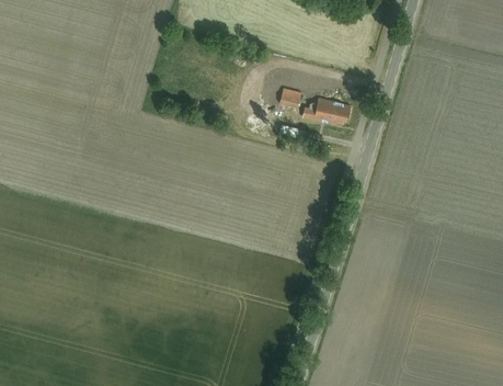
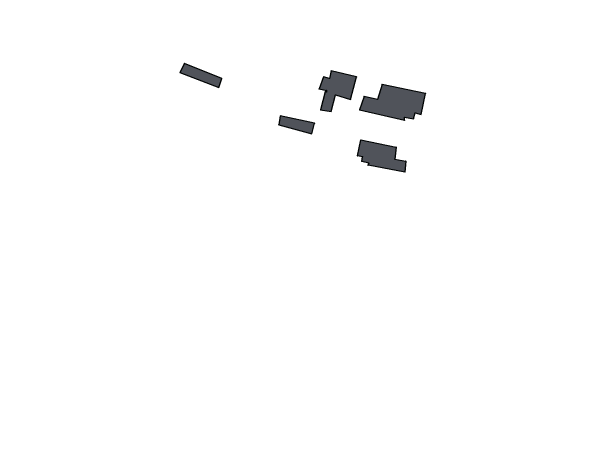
building: none -> [358,140,406,172]

